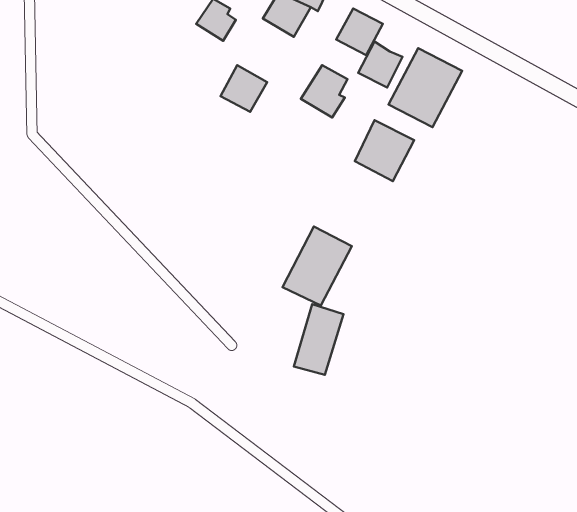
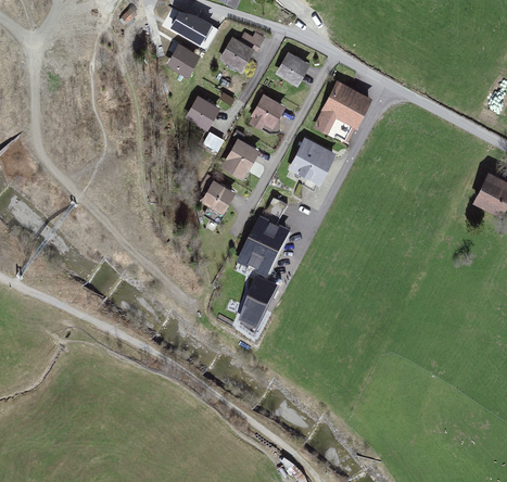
building: [358,42,402,87] -> none
building: none -> [223,138,261,179]
building: none -> [201,178,233,223]

